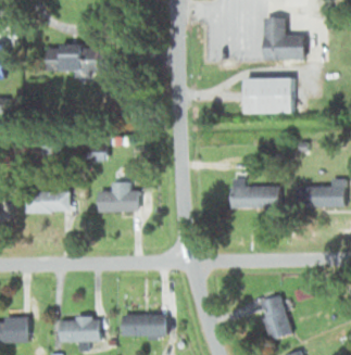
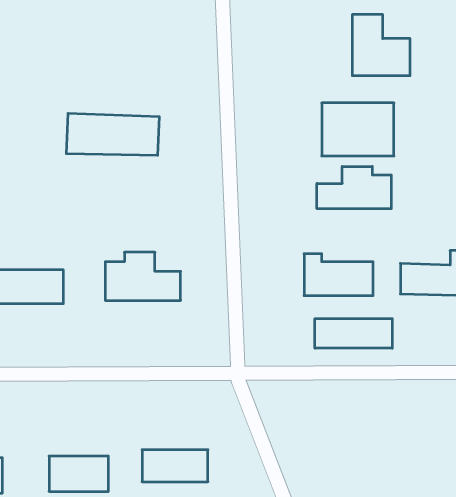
building: [48,45,111,73] -> [66,113,159,155]
building: none -> [317,166,391,209]
building: none -> [315,319,392,348]
building: [261,304,291,340] -> none

